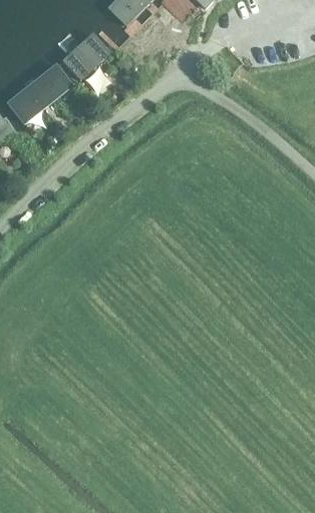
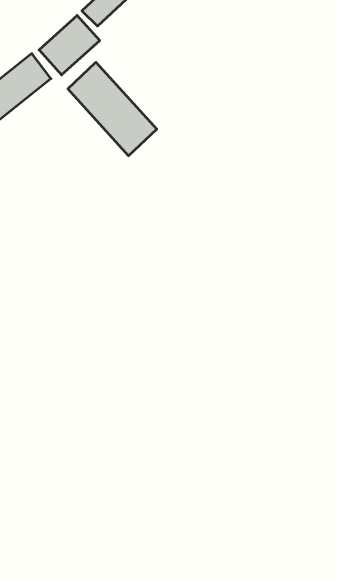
building: none -> [68,62,157,156]

